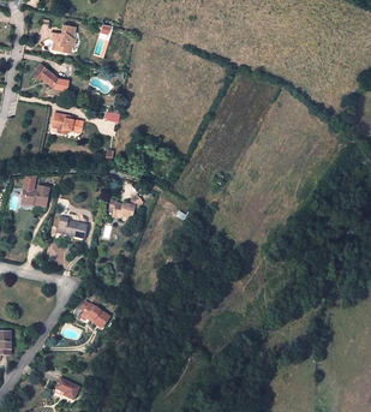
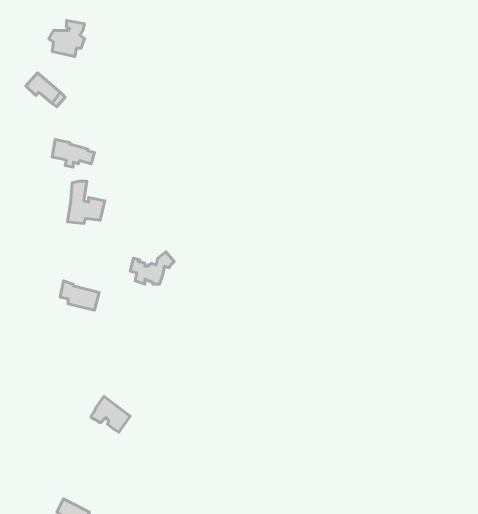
building: [22,174,49,205] -> [67,181,105,223]

